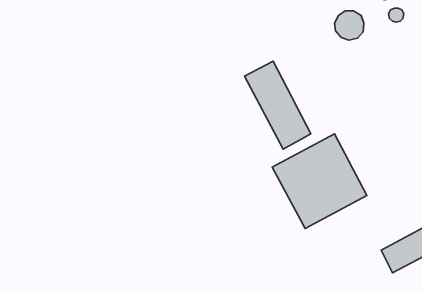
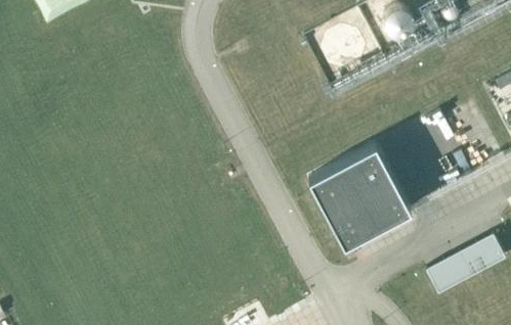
building: [244,61,311,149] -> none

